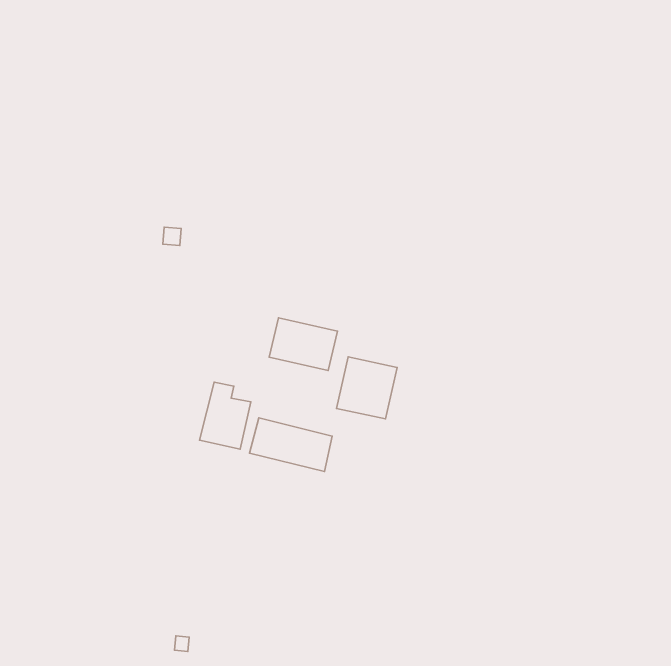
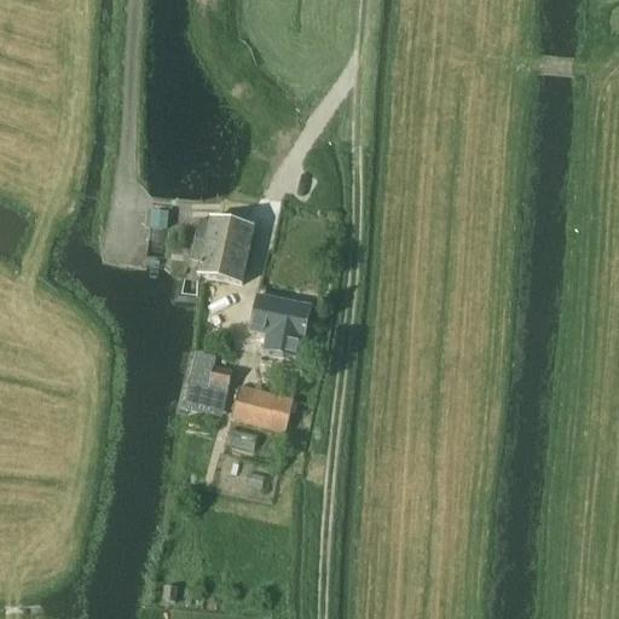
building: none -> [190,216,254,283]
building: [337,357,397,419] -> none

